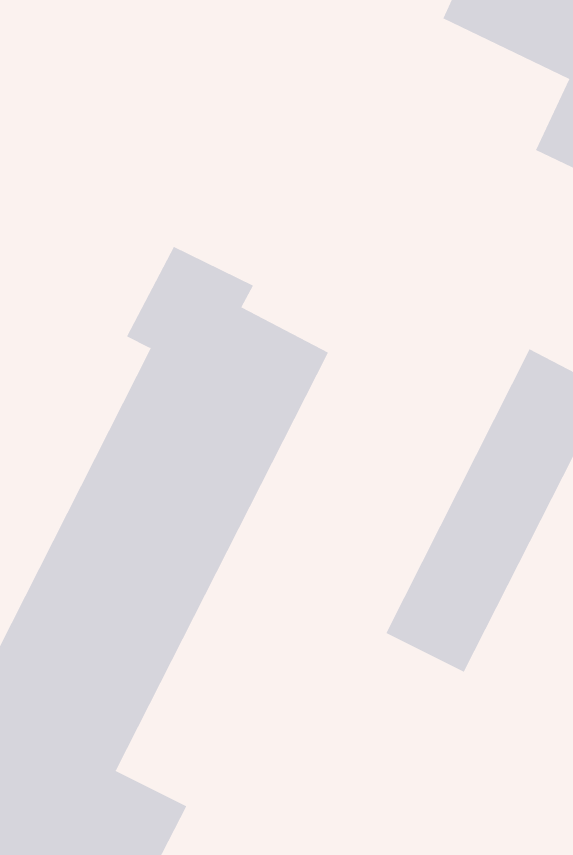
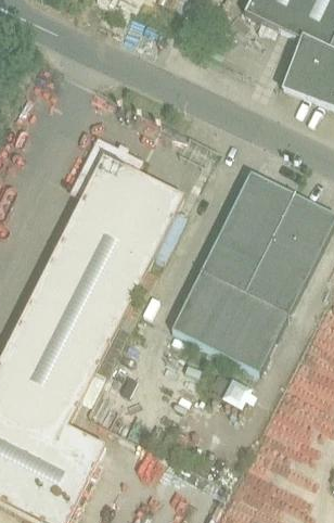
building: none -> [171,171,294,350]

